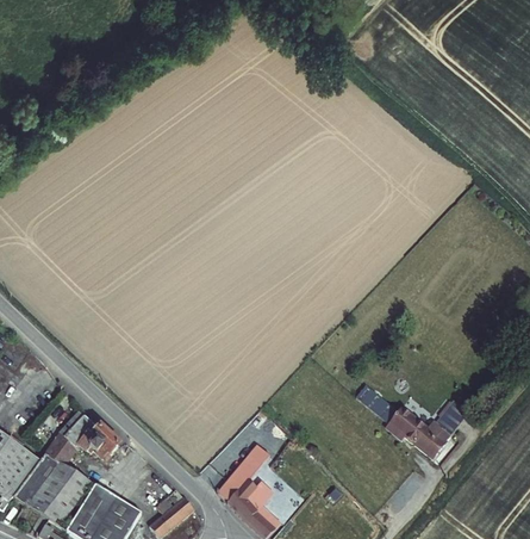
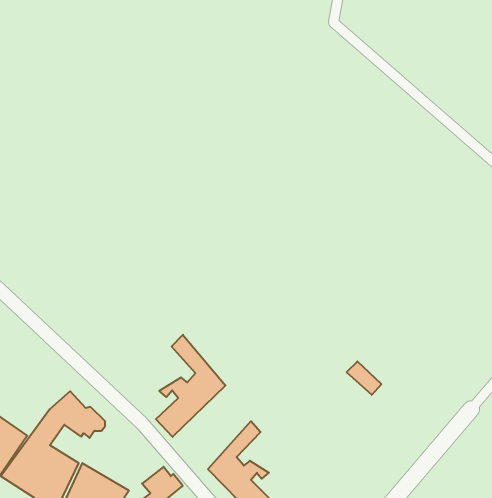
building: none -> [156,335,226,437]
building: [391,398,469,457] -> none

